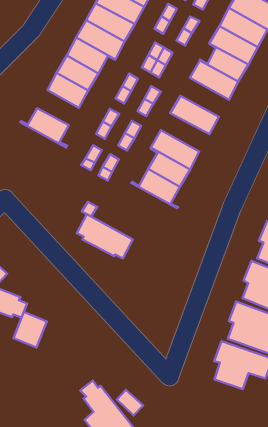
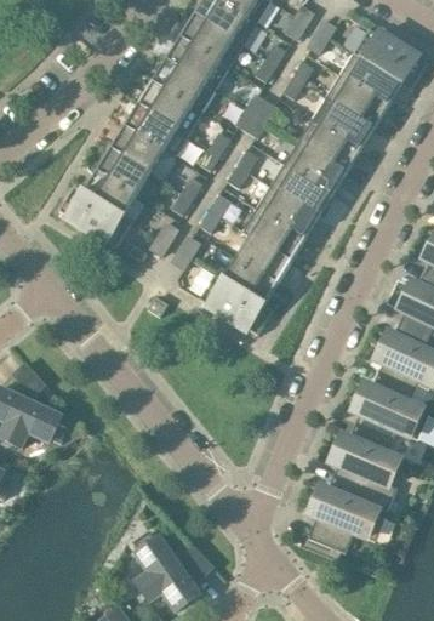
building: none -> [284,139,347,193]
building: none -> [96,146,150,193]
building: none -> [256,184,319,237]
building: none -> [58,186,131,245]
building: [77,214,133,259] -> [199,273,272,334]
building: [13,312,47,347] -> none

